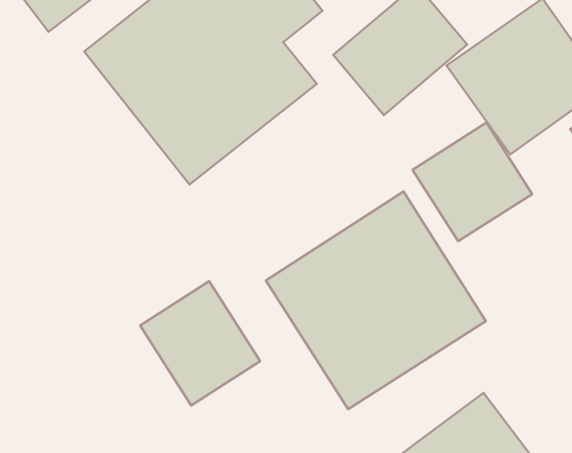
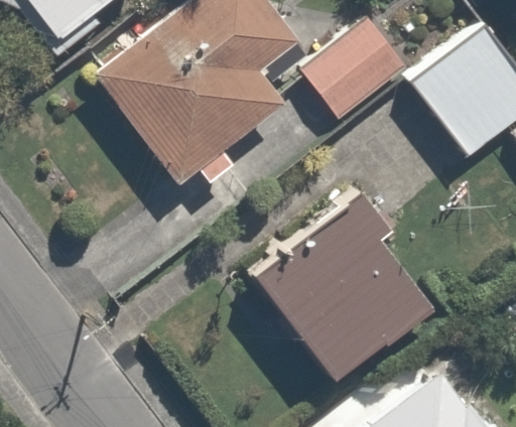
building: [413,123,532,241] -> none
building: [140,281,260,405] -> none

